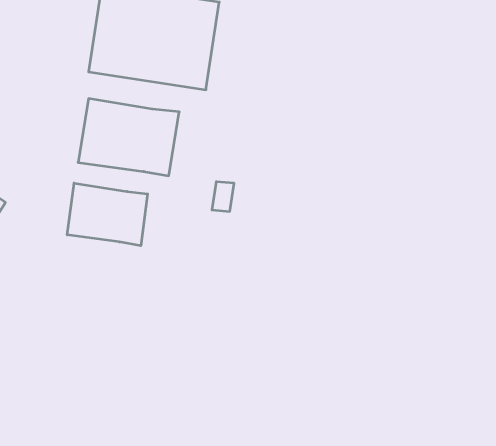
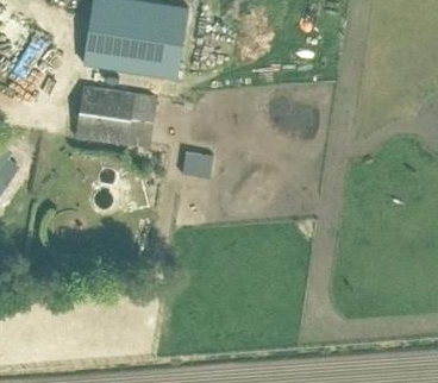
building: [67,183,148,246] -> none

